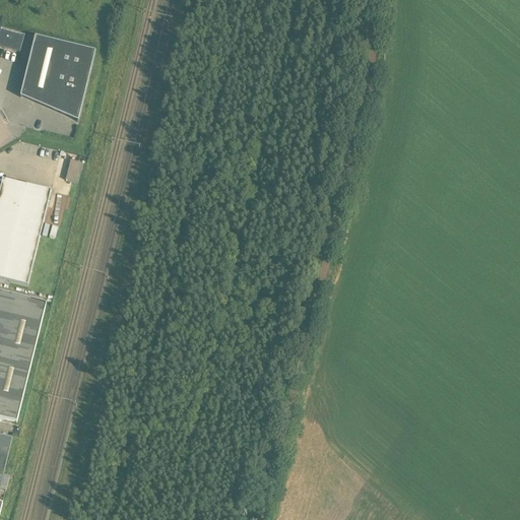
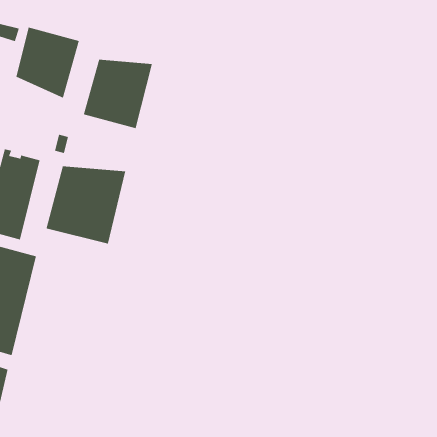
building: none -> [83,59,153,129]
building: none -> [46,166,126,244]

